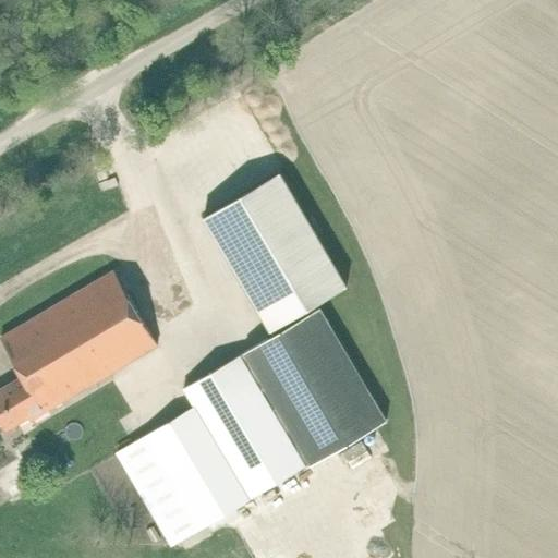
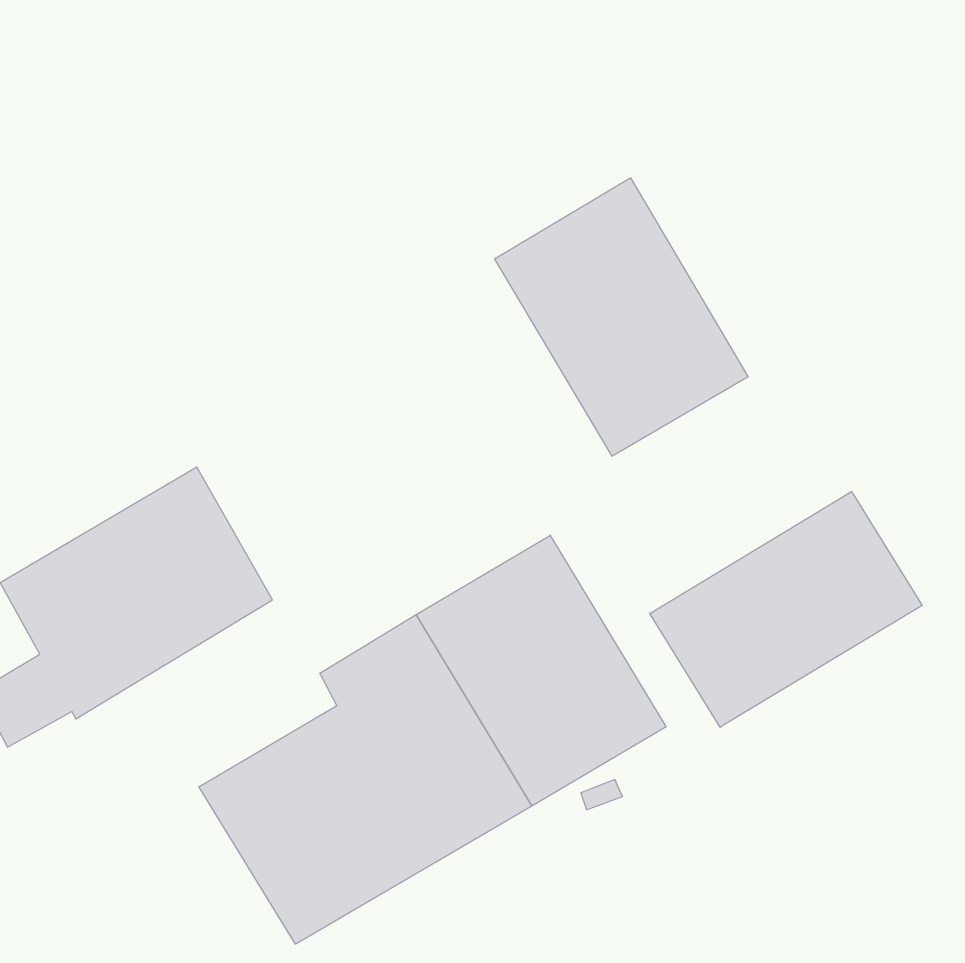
building: [201,173,347,333] -> [495,178,748,456]
building: none -> [650,492,922,727]

